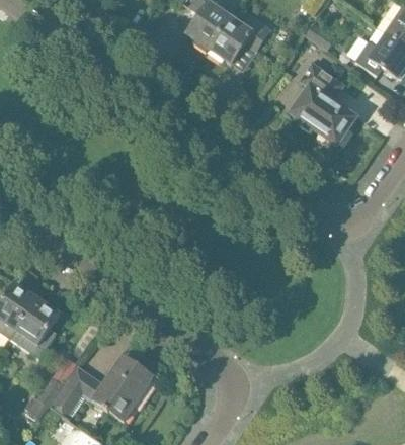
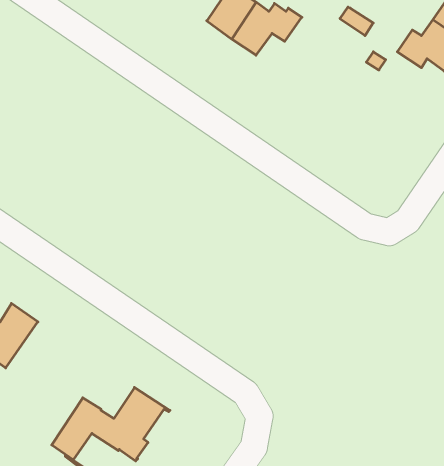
building: [292,68,355,145] -> none
building: [9,297,60,357] -> none
building: [23,375,63,418] -> none

